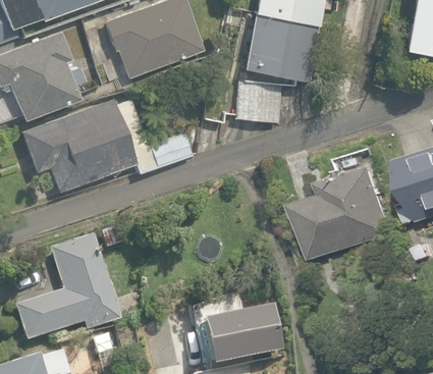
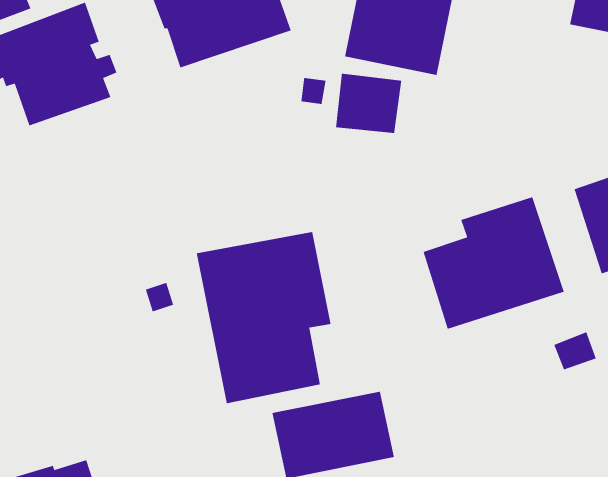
building: [22,98,202,192] -> none
building: none -> [196,231,332,404]
building: [16,235,122,341] -> none

